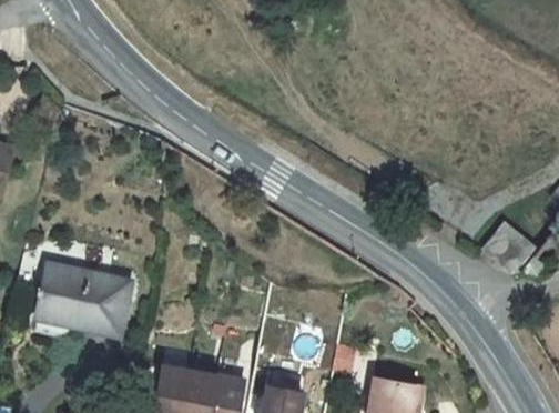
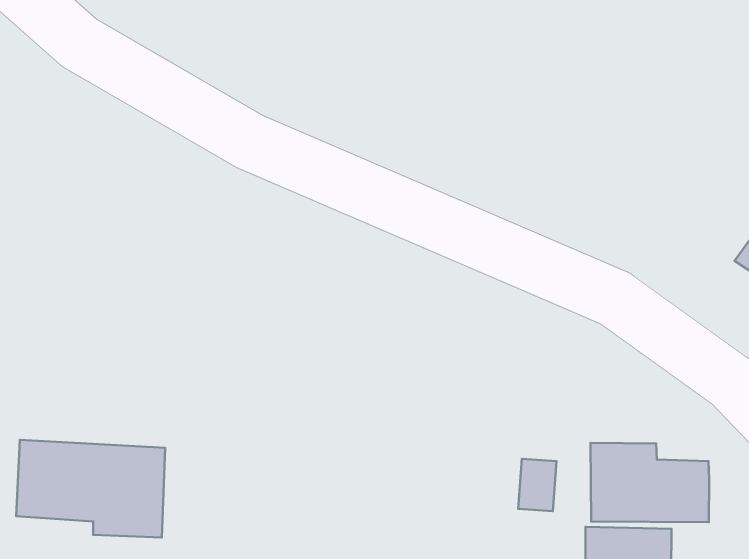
building: none -> [591,443,709,522]

